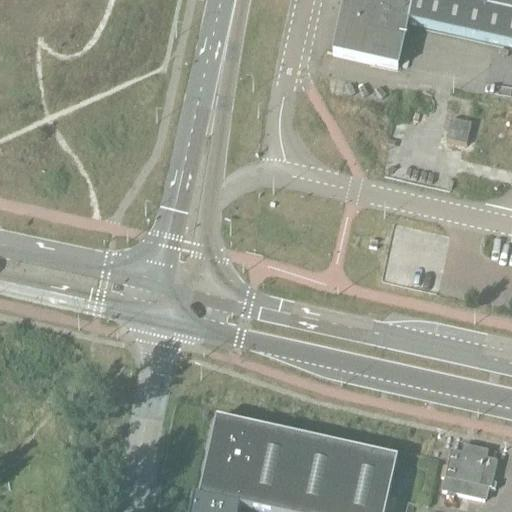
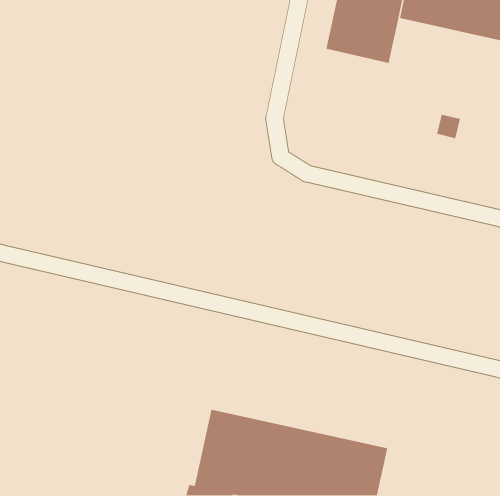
building: [443,445,497,497] -> none

